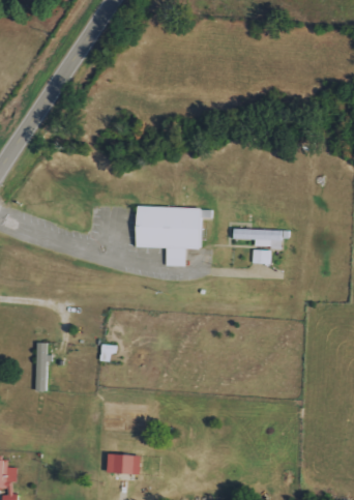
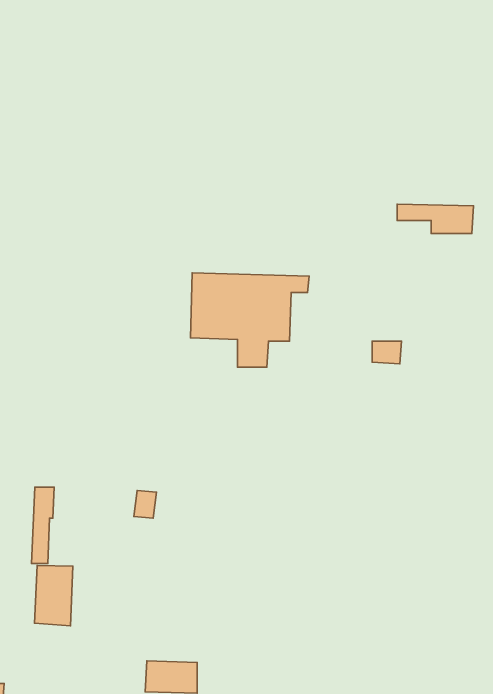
building: [233,229,282,247] -> [397,204,473,234]
building: none -> [35,565,73,626]

